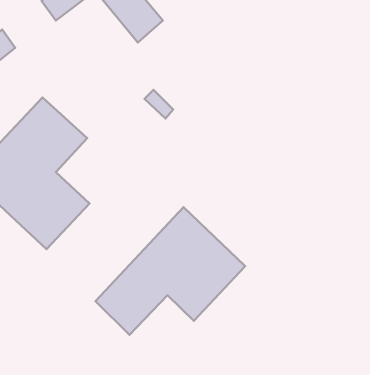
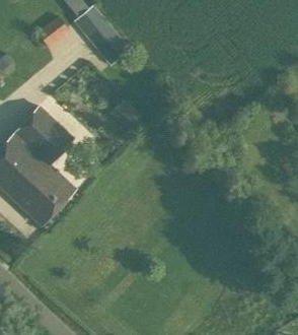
building: [95,207,245,335] -> none

